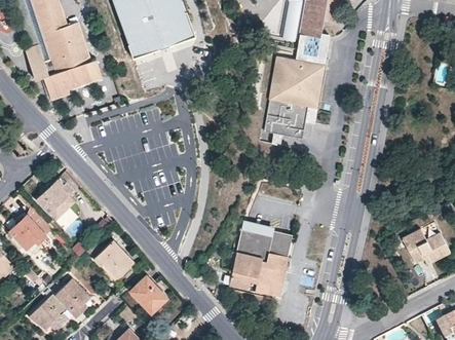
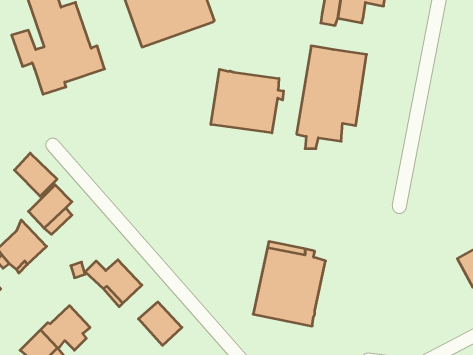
building: [296,34,330,65] -> none
building: none -> [211,69,284,133]
building: none -> [14,153,57,196]

